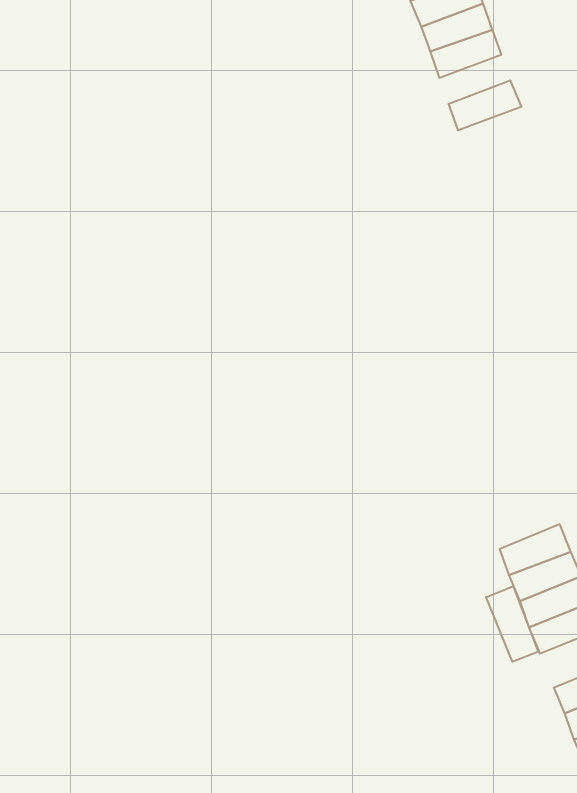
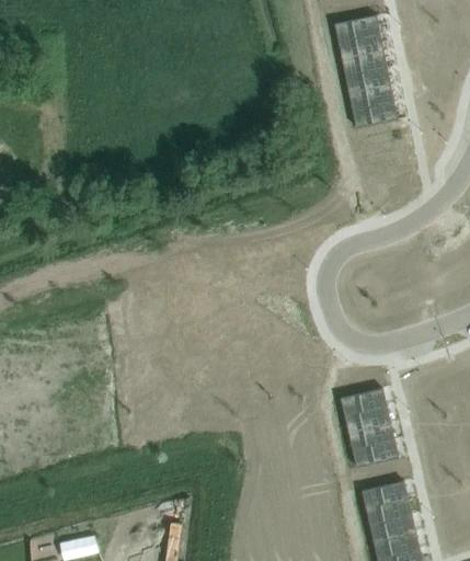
building: none -> [349,84,394,111]
building: [486,586,538,662] -> none

